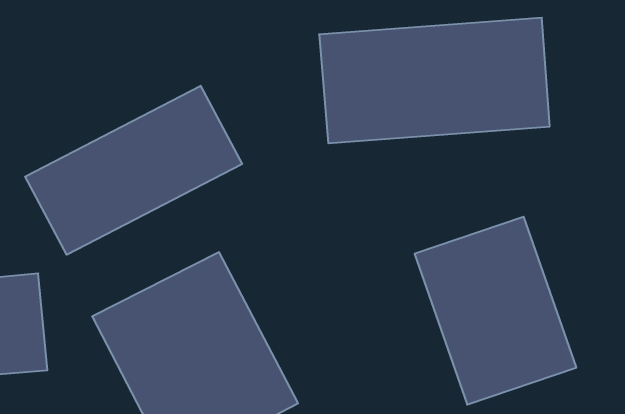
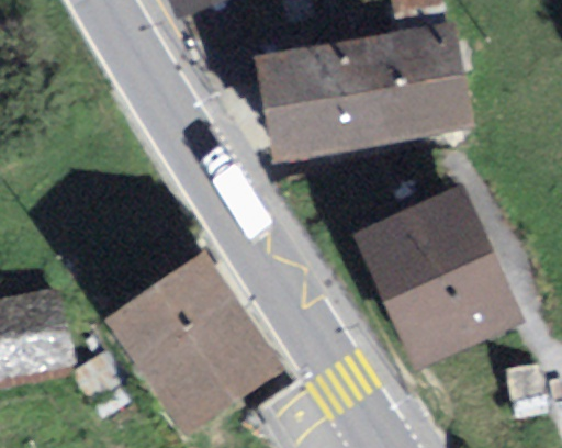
building: [25,86,242,255] -> none

